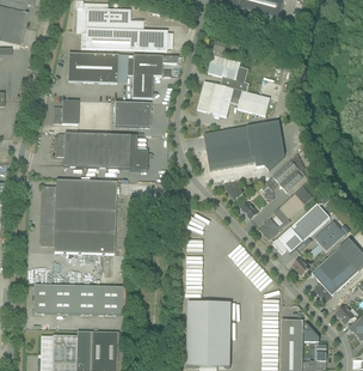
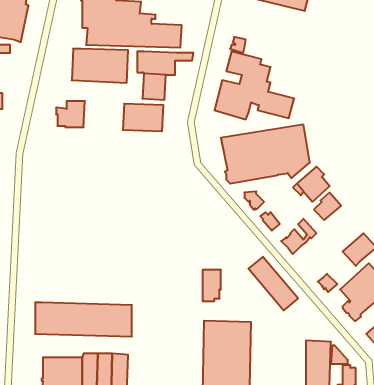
building: [54,133,147,170] -> none
building: [39,178,116,254] -> none
building: [272,202,330,253] -> none

